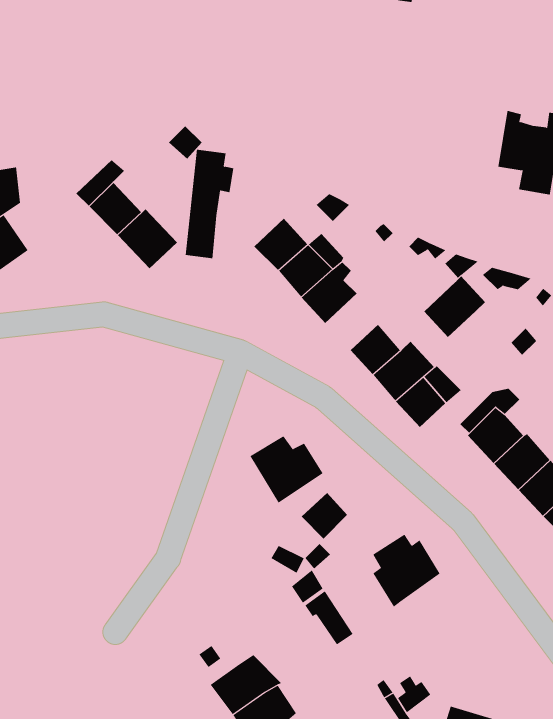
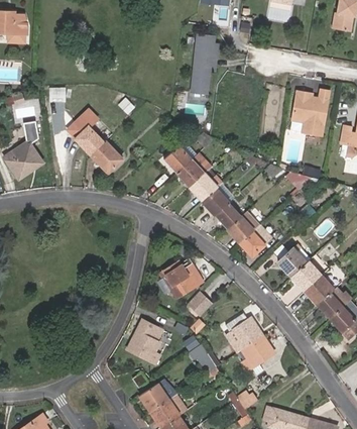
building: [185,149,234,259] -> [190,35,216,94]
building: [423,276,486,338] -> [201,183,234,216]
building: none -> [127,319,162,363]
building: none -> [241,335,274,369]

